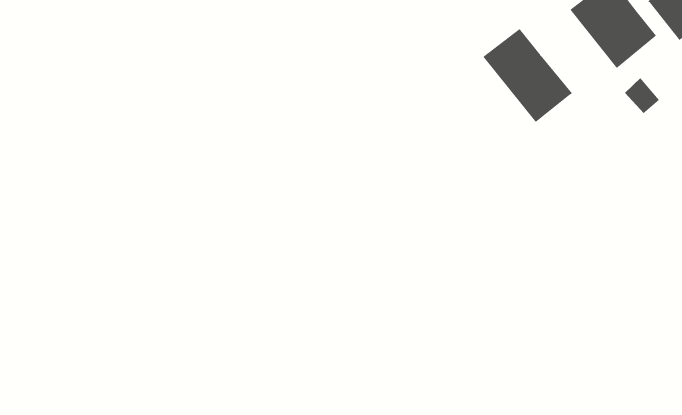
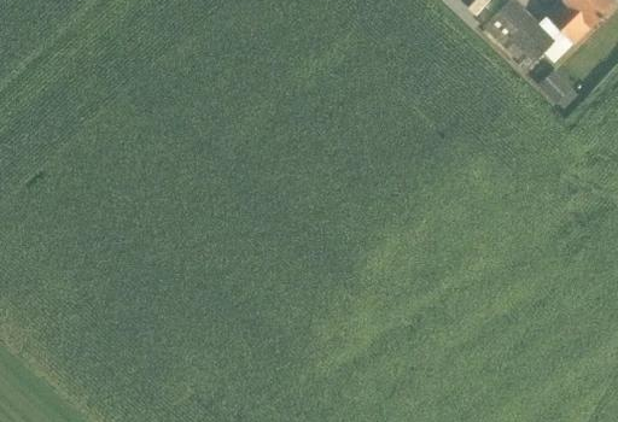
building: [483,28,573,123] -> none

